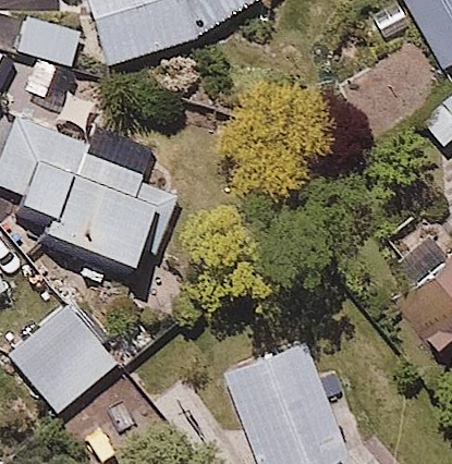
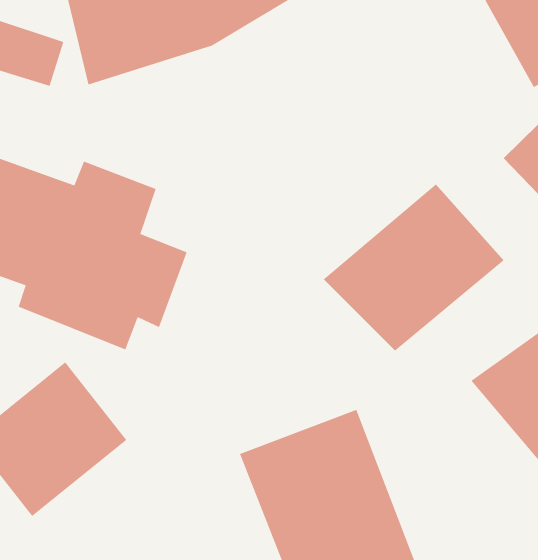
building: none -> [323,184,505,351]

